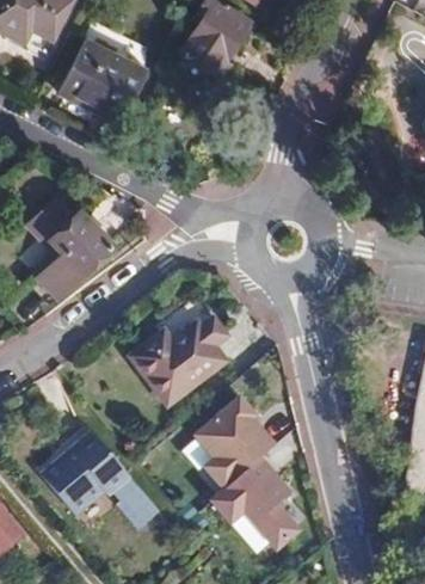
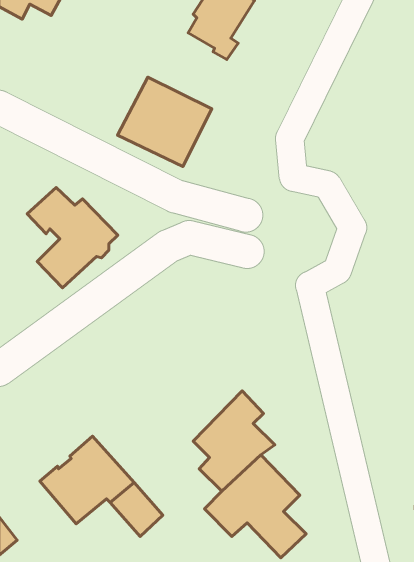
building: [61,36,150,121] -> [118,77,212,166]
building: [130,314,226,402] -> none

